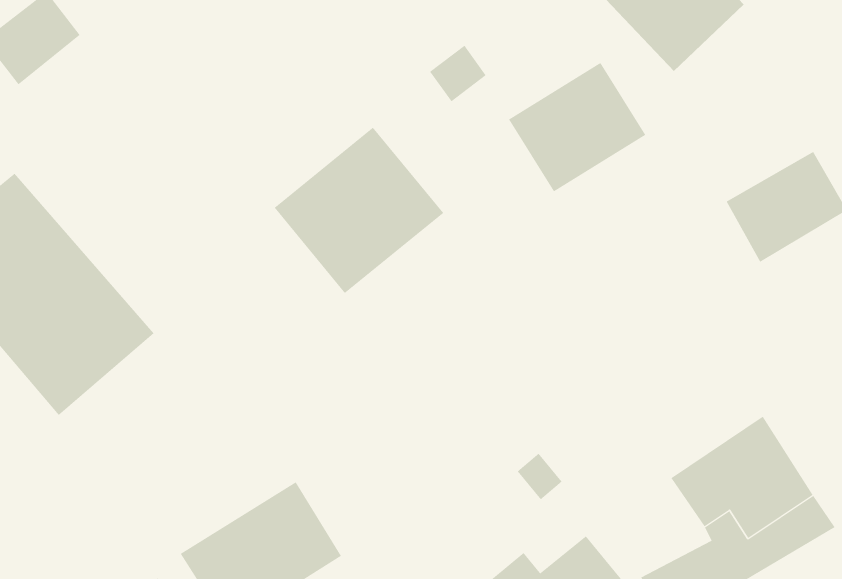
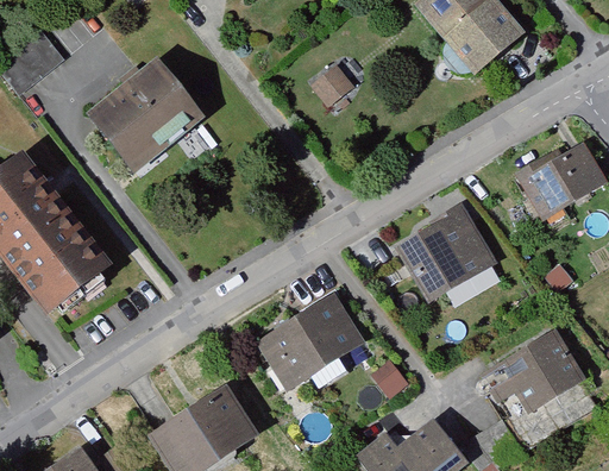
building: [508,62,646,192] -> [401,208,498,300]
building: [274,127,444,294] -> [87,63,207,181]
building: none -> [246,289,366,396]

